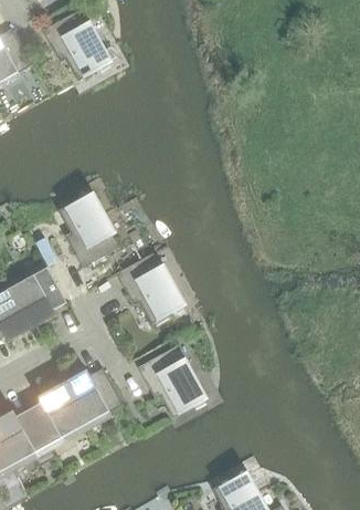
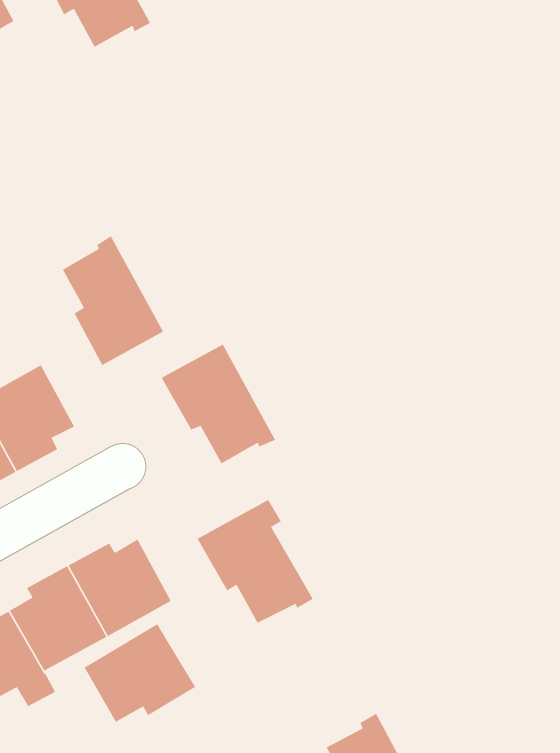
building: none -> [83,623,196,723]

